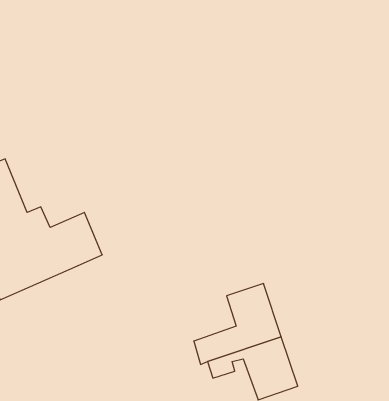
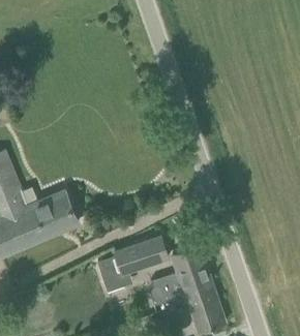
building: none -> [98,237,170,280]

